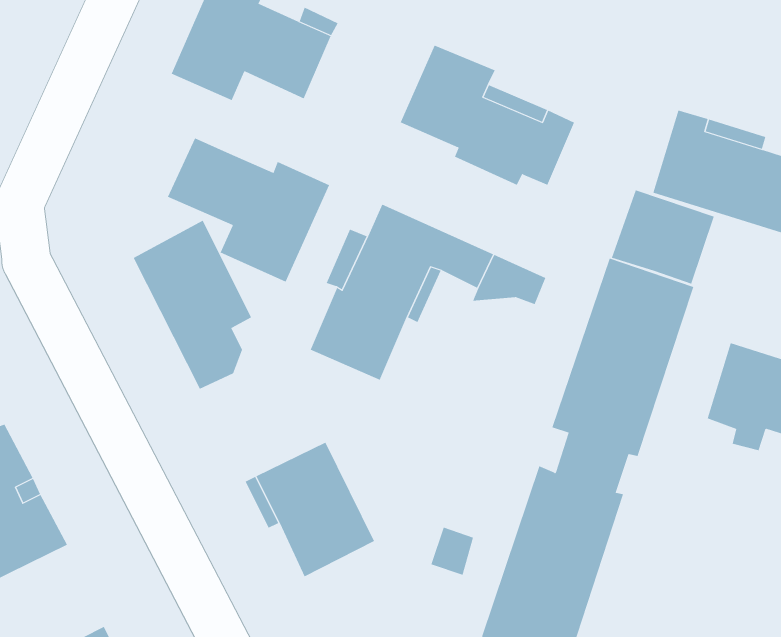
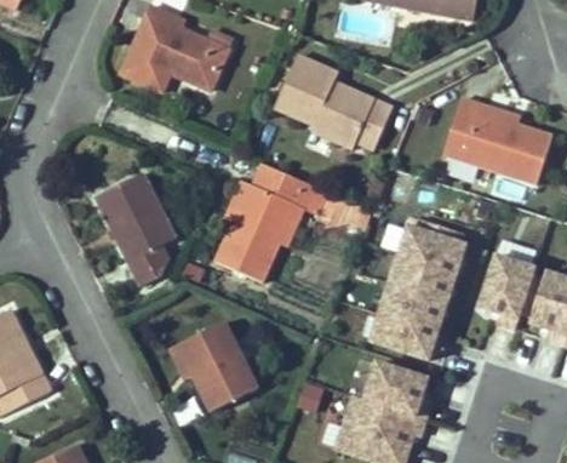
building: [167,137,330,283] -> none
building: [611,189,714,285] -> none

